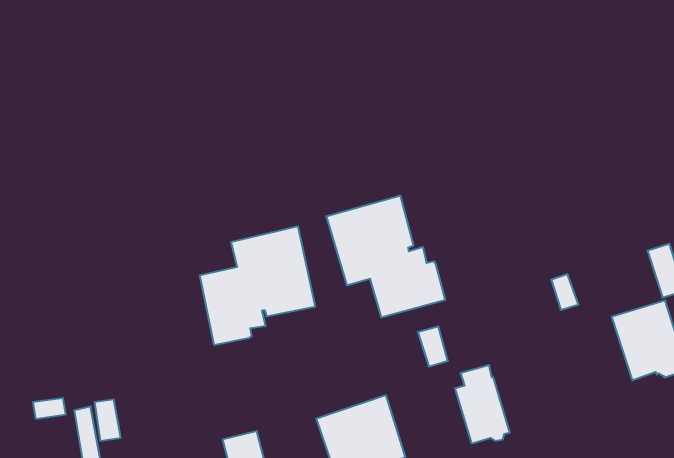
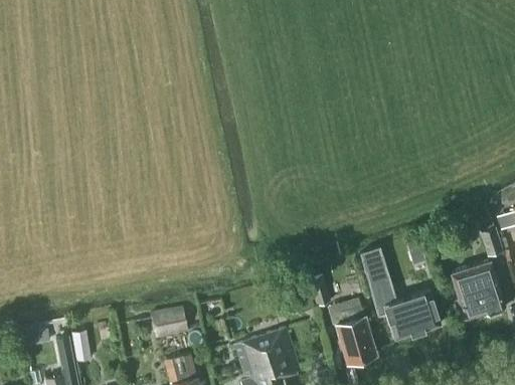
building: [326,195,445,317] -> none
building: [200,226,315,345] -> none
building: none -> [360,254,442,340]
building: none -> [151,308,189,341]

